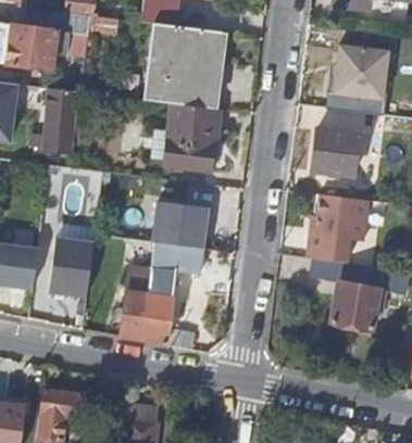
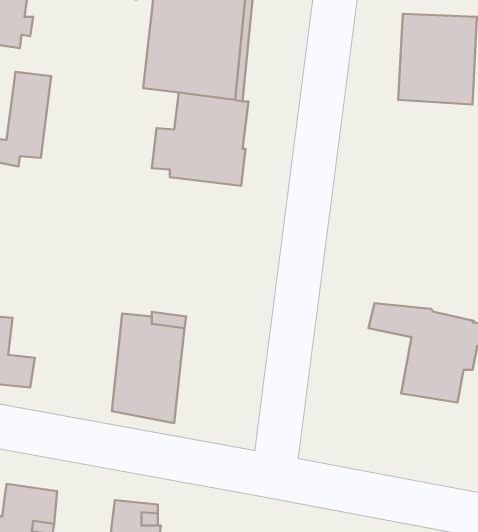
building: [315,129,364,177] -> none
building: [309,193,369,254] -> none
building: [153,202,209,250] -> none
building: [48,238,93,298] -> none

